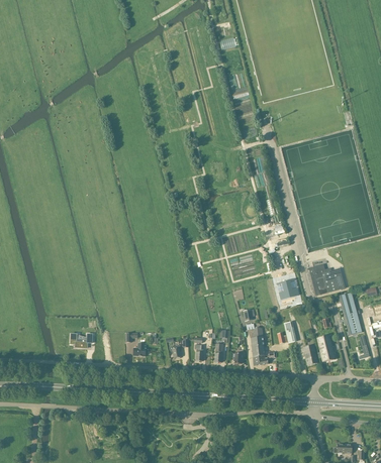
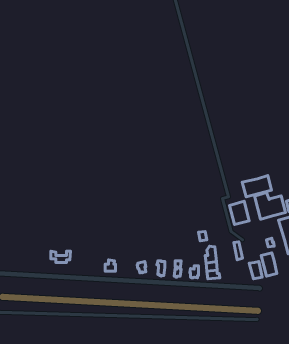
building: none -> [242,175,272,197]

